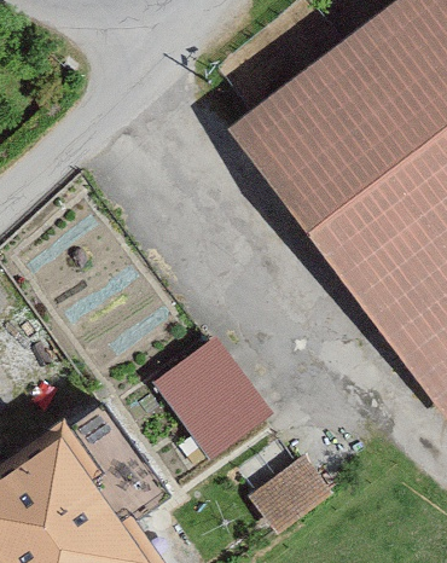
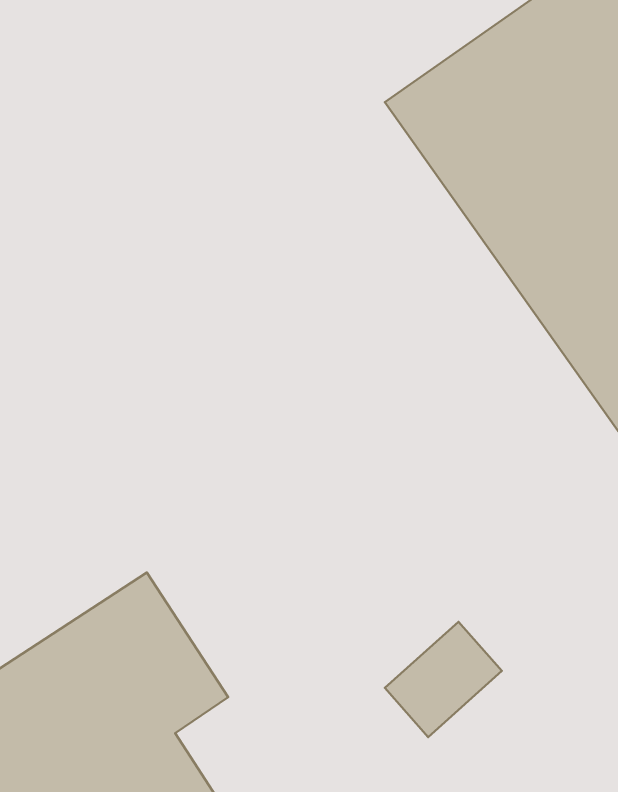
building: [151,356,249,462] -> none

